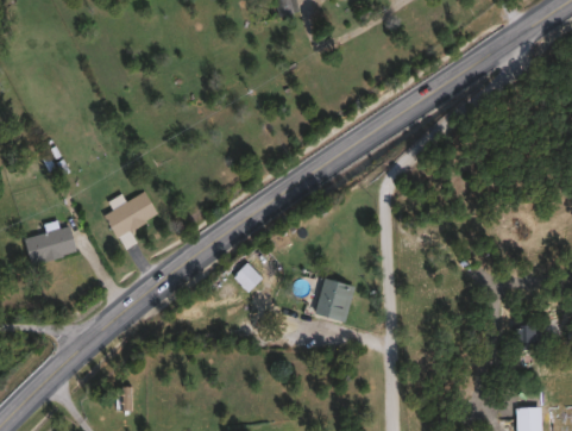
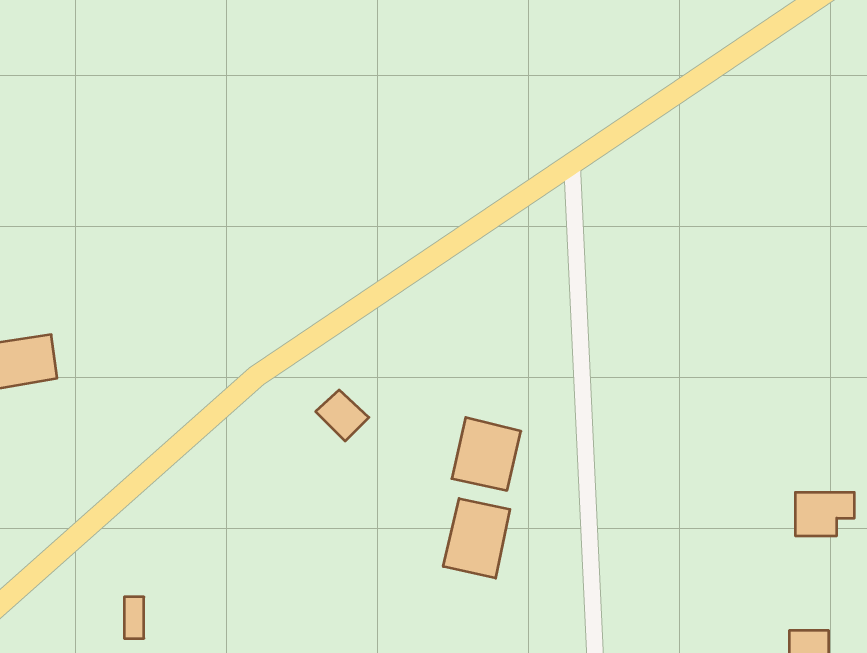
building: [103,192,158,239] -> none
building: none -> [443,498,510,578]

